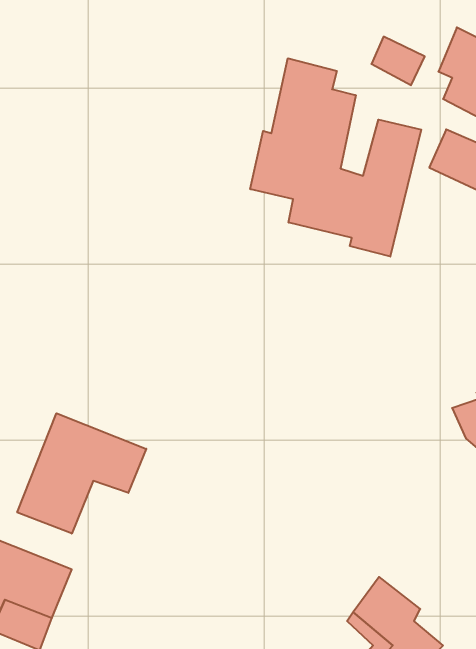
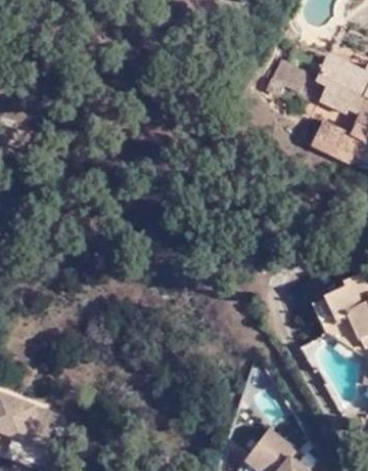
building: [250,58,421,257] -> none
building: [17,413,146,534] -> none

